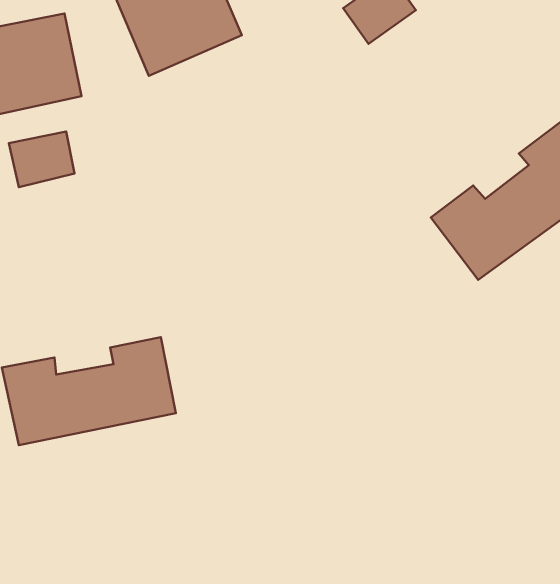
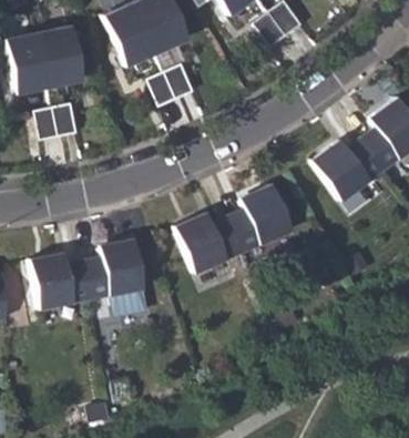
building: none -> [149,64,195,105]
building: none -> [176,184,294,273]

